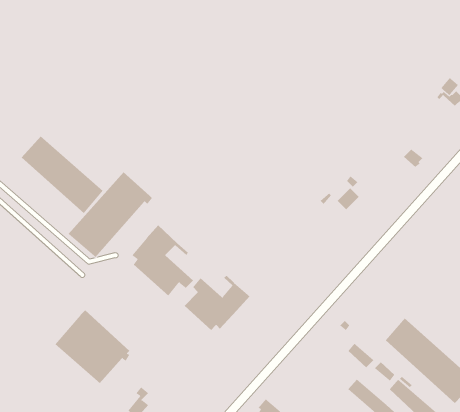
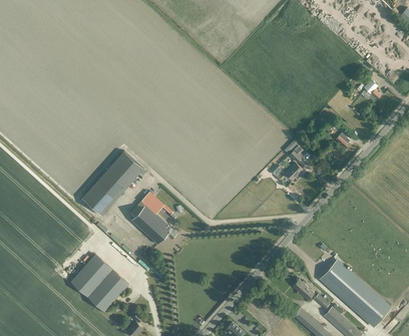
building: [21,135,103,214] -> none
building: [184,275,251,331] -> none

